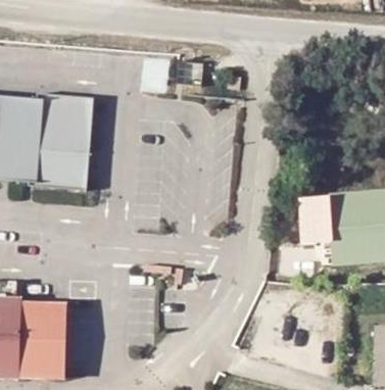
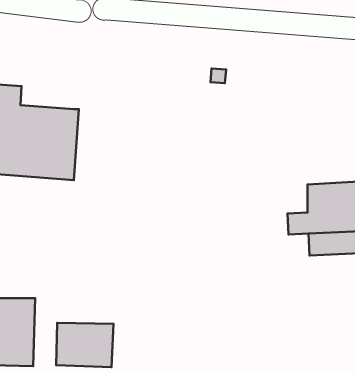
building: [41,94,94,120] -> none
building: none -> [56,323,114,367]

